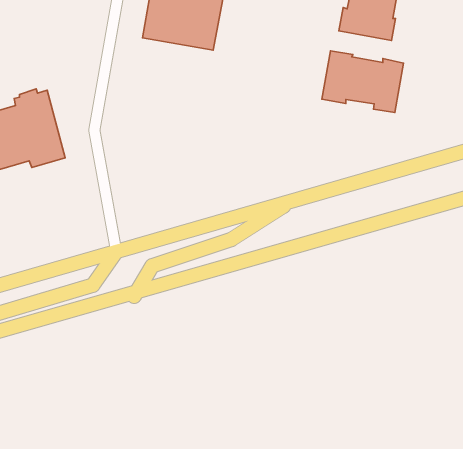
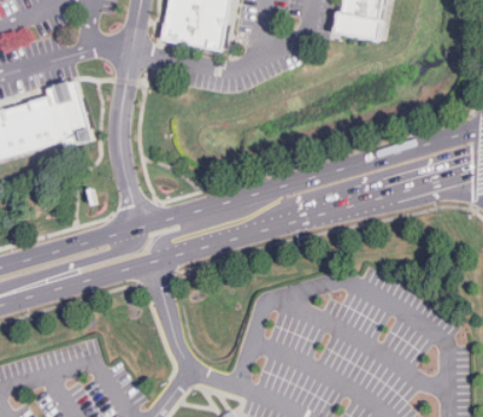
building: [322,51,404,112] -> none

